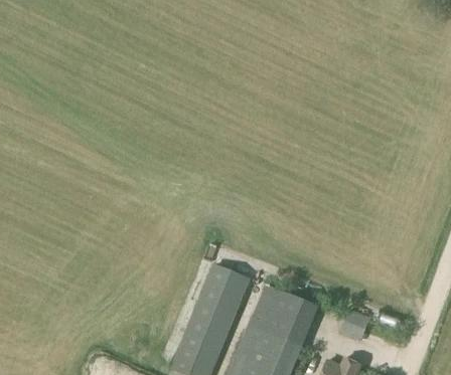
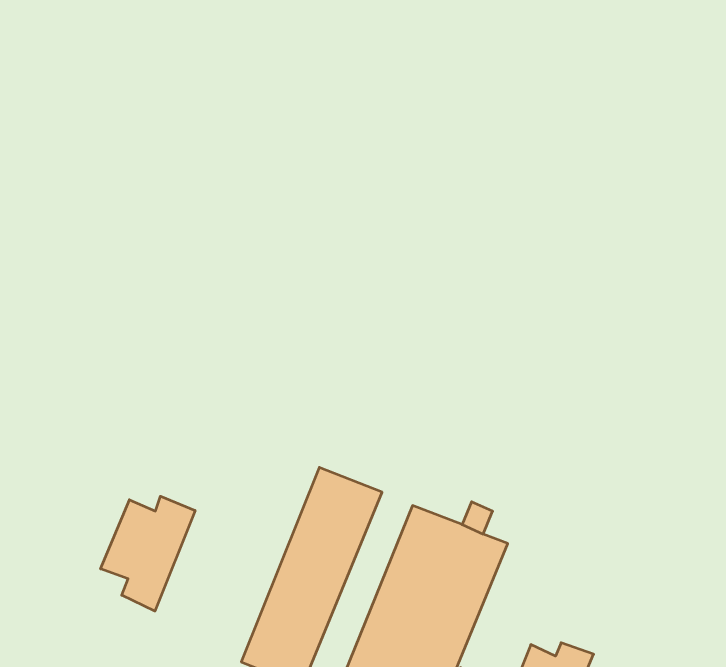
building: none -> [101,496,195,611]
building: [339,310,368,340] -> none

